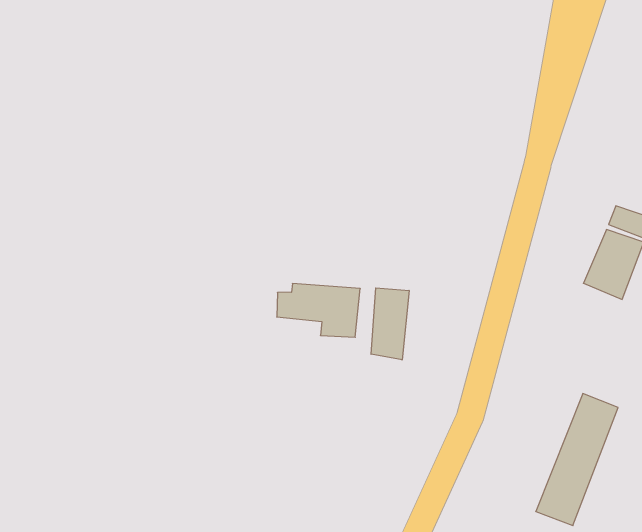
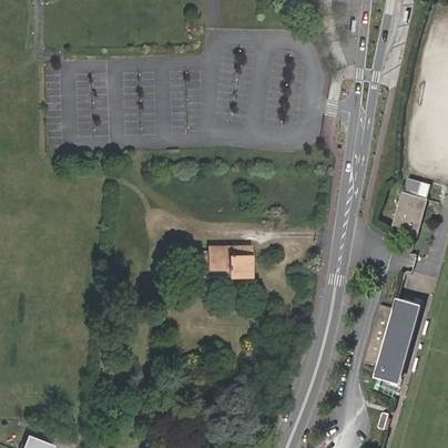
building: [371,288,409,360] -> none

